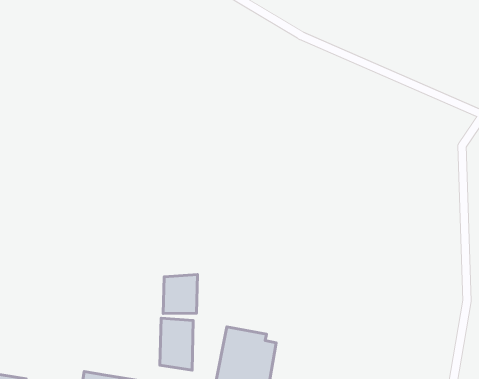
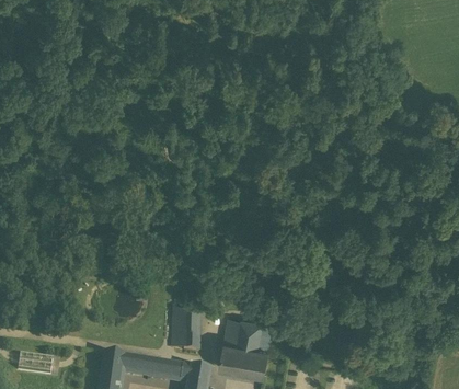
building: [163,274,197,314] -> none

